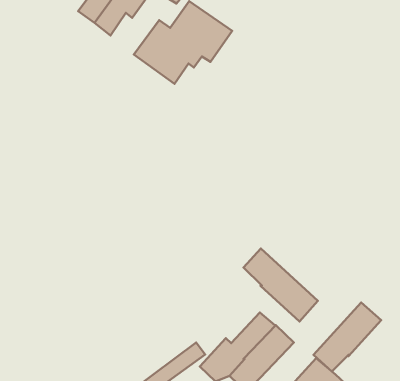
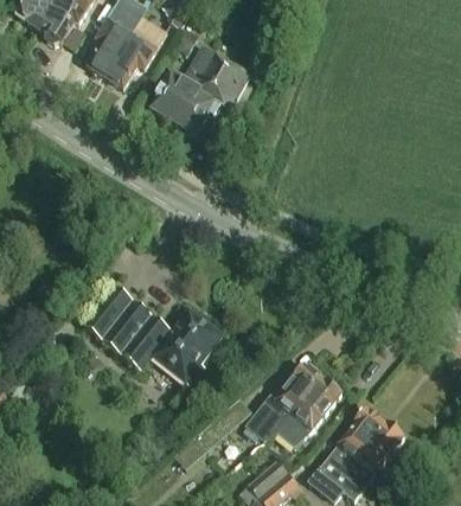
building: none -> [83,284,222,383]
building: [243,248,318,321] -> none
building: [313,302,381,372] -> none

